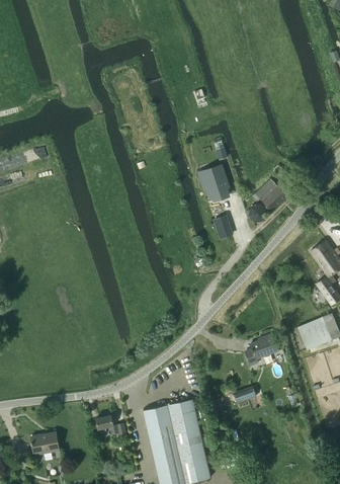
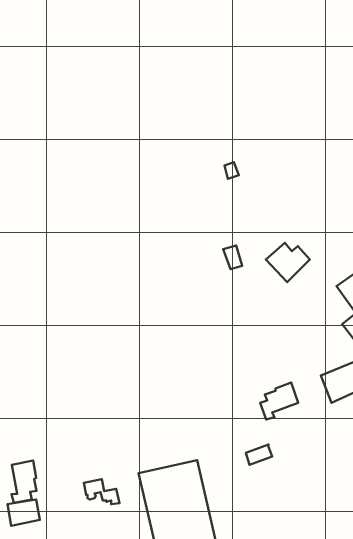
building: [199,168,229,203] -> none
building: [254,178,291,212] -> [266,243,310,282]
building: none -> [12,461,37,503]

